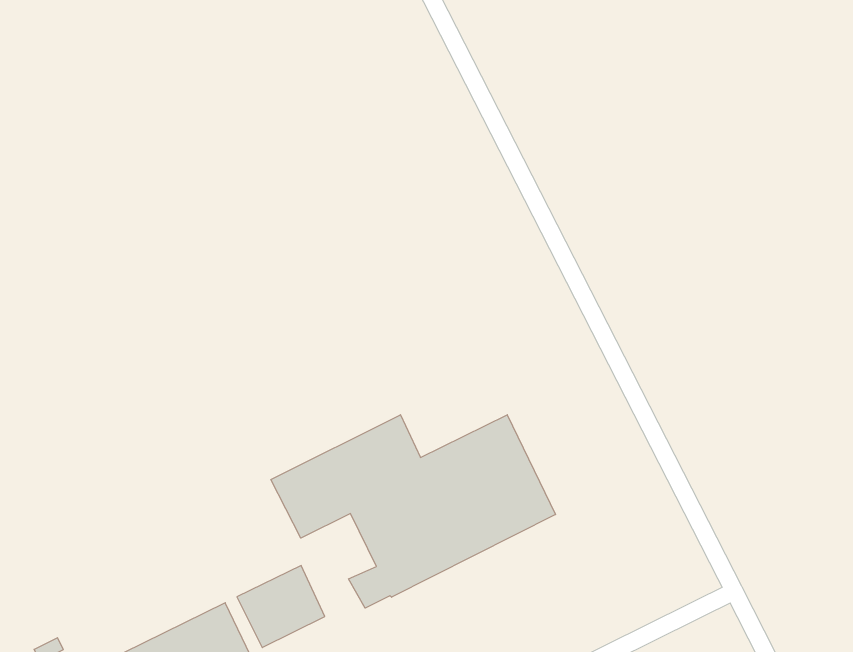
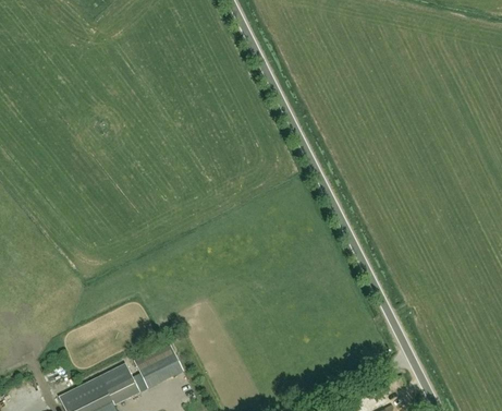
building: [271,415,555,608] -> none

